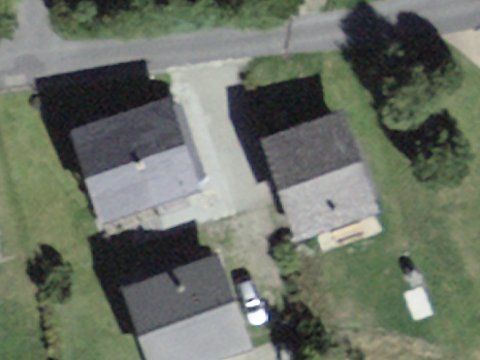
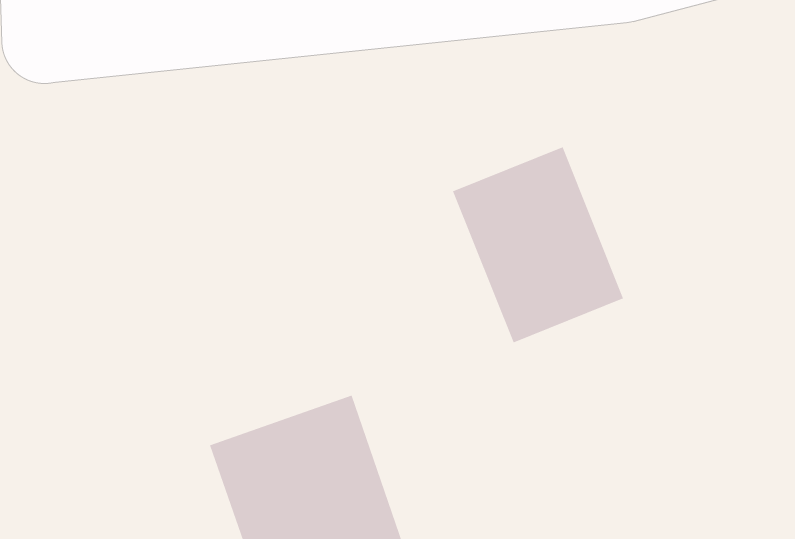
building: [74,108,190,217] -> none

